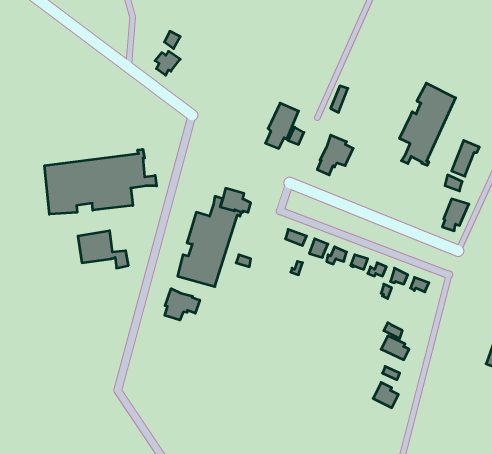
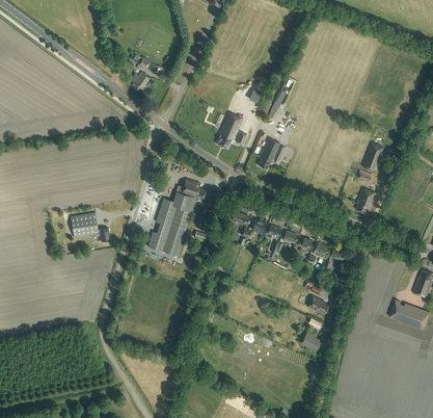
building: [400,83,456,165] -> none
building: [45,149,157,214] -> none
building: [165,289,200,320] -> none

